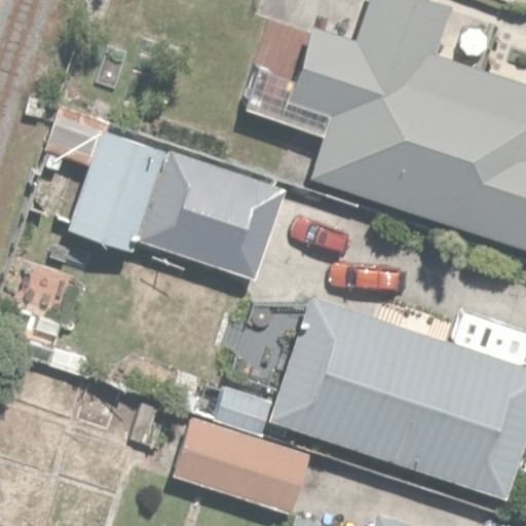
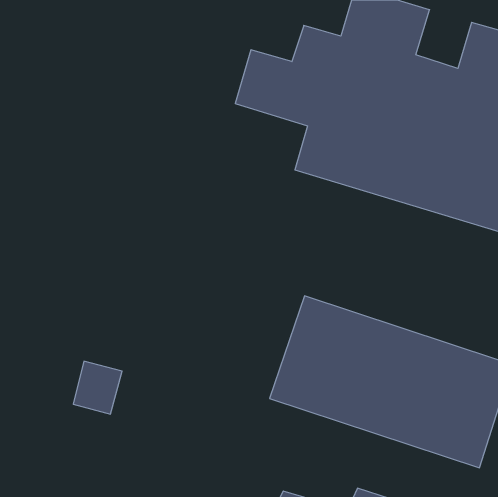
building: [45,113,278,280] -> none
building: [173,416,309,516] -> none

